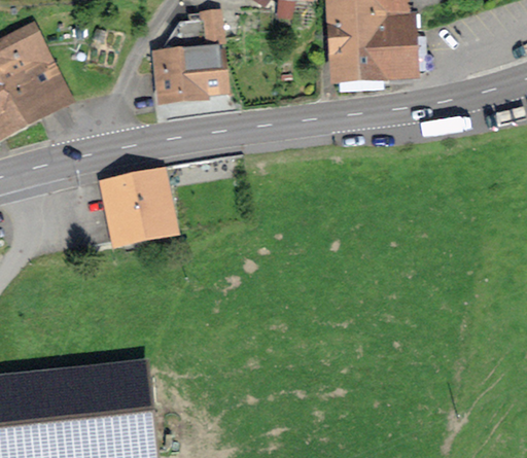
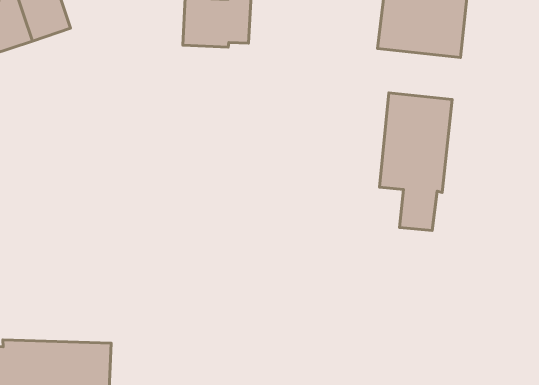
building: none -> [379,93,452,230]
building: [106,179,173,241] -> none

